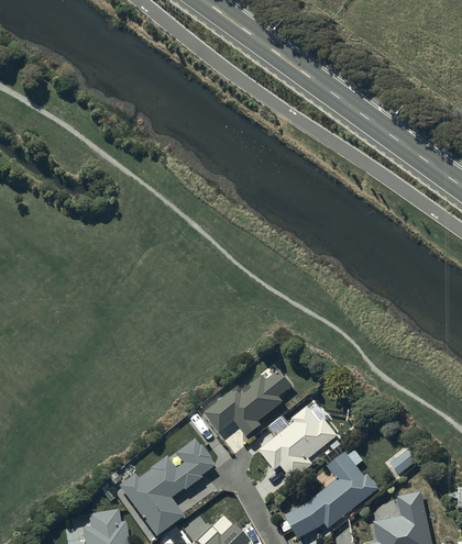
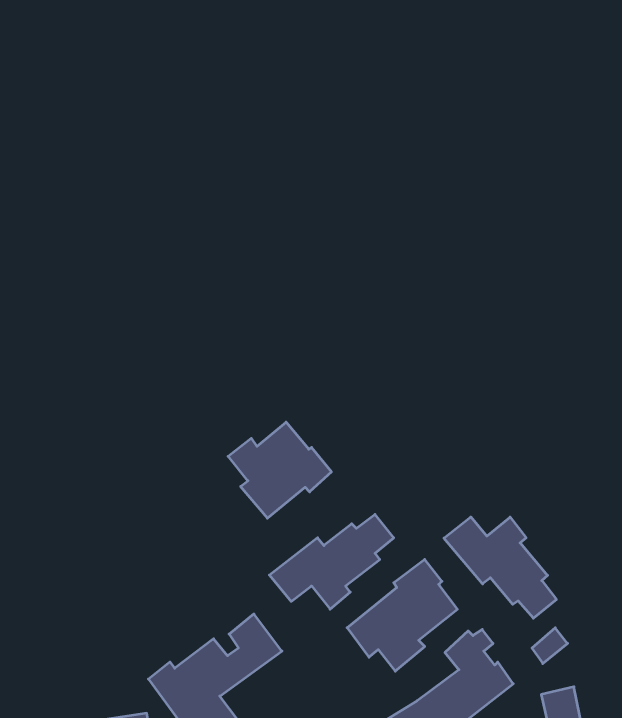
building: none -> [228,422,331,518]
building: none -> [444,517,556,618]

